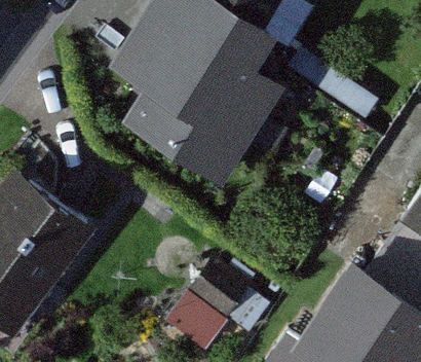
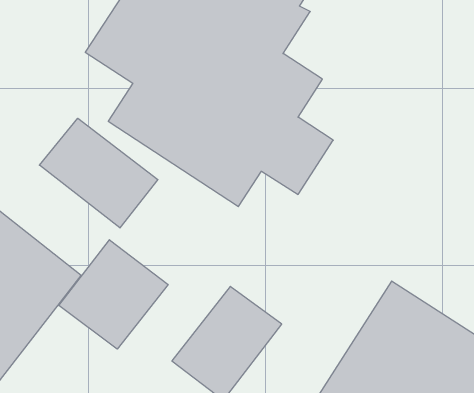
building: none -> [39,118,158,228]
building: none -> [59,240,168,349]

